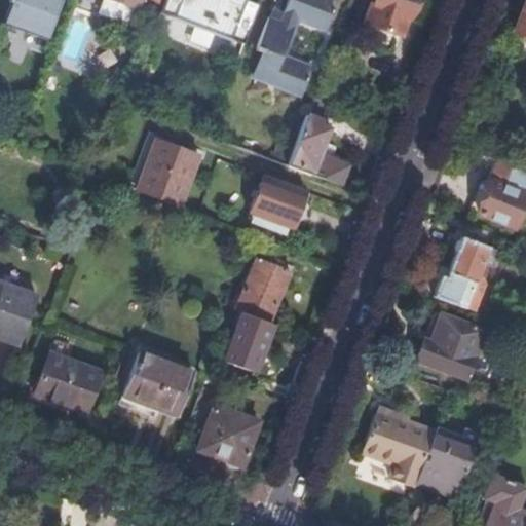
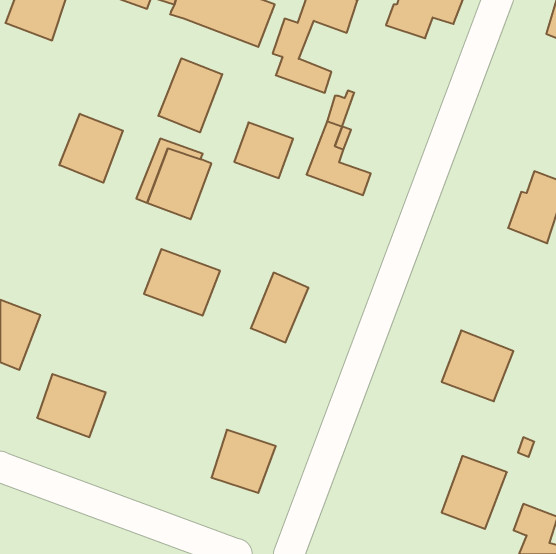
building: none -> [158,58,222,132]
building: none -> [59,114,123,183]
building: [252,176,307,228] -> [234,122,293,178]
building: [436,239,489,311] -> none
building: [228,312,270,372] -> none
building: [123,353,195,416] -> [144,249,220,316]
building: [363,407,436,487] -> none

